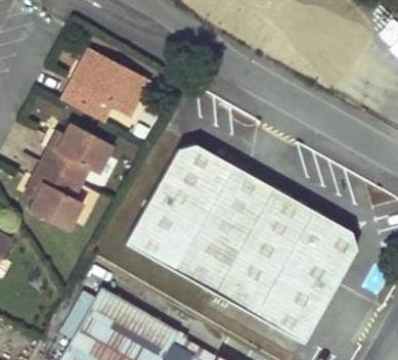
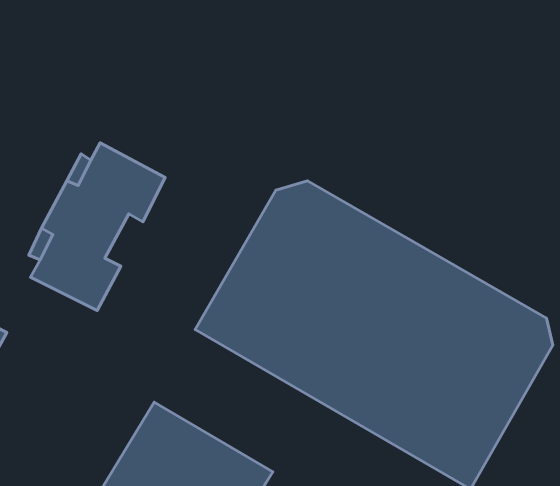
building: [50,41,140,117] -> none

